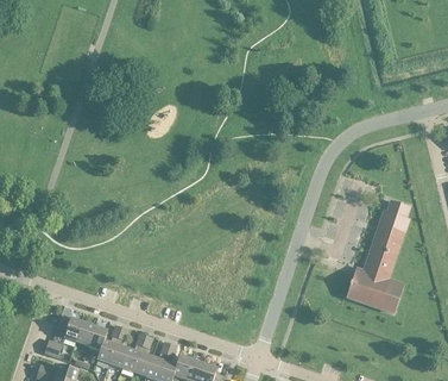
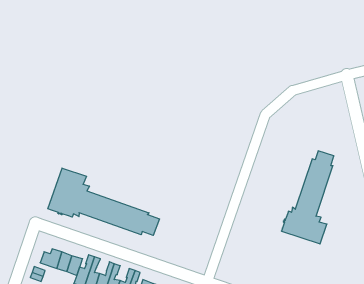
building: none -> [48,168,159,235]

